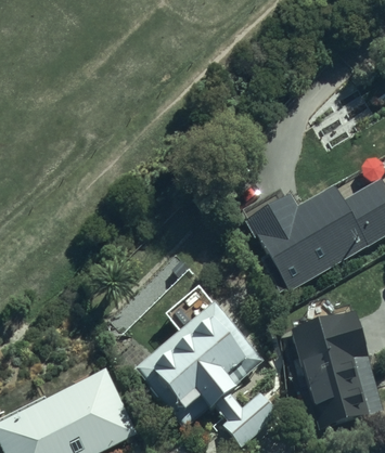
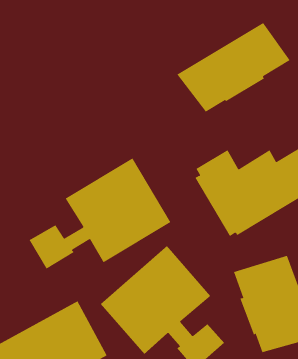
building: none -> [176,22,291,113]
building: none -> [29,158,171,269]

